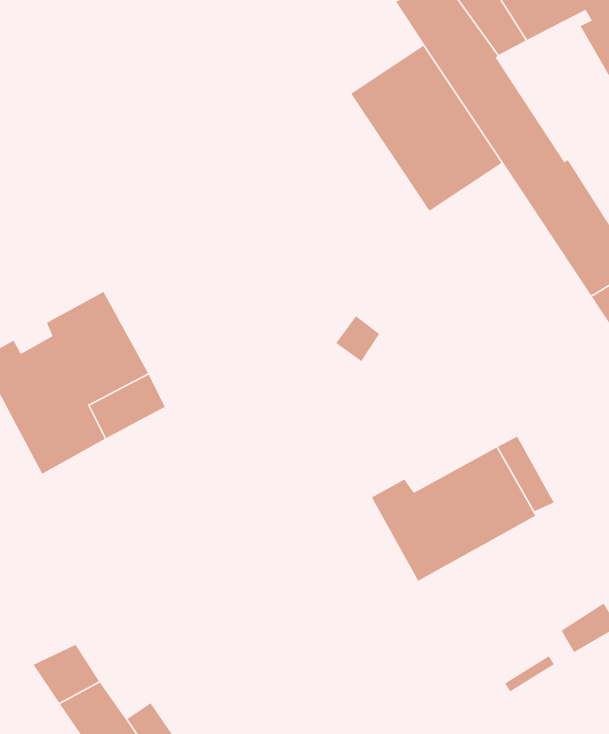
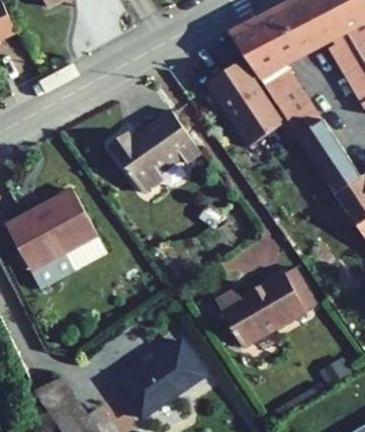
building: none -> [110,110,201,192]
building: none -> [118,341,204,417]

